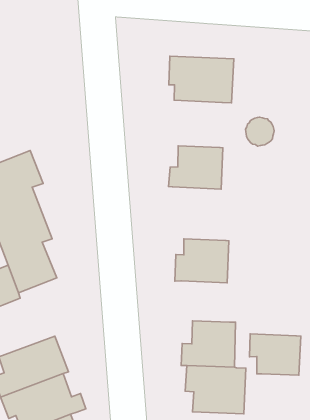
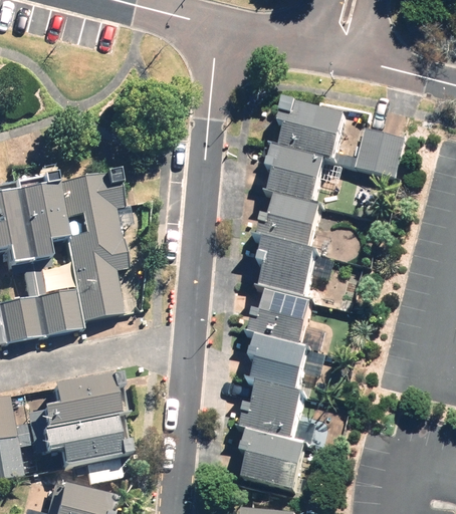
building: none -> [352,128,404,176]
building: none -> [265,143,327,202]
building: none -> [256,235,319,301]
building: [249,334,301,375] -> [248,336,306,389]

